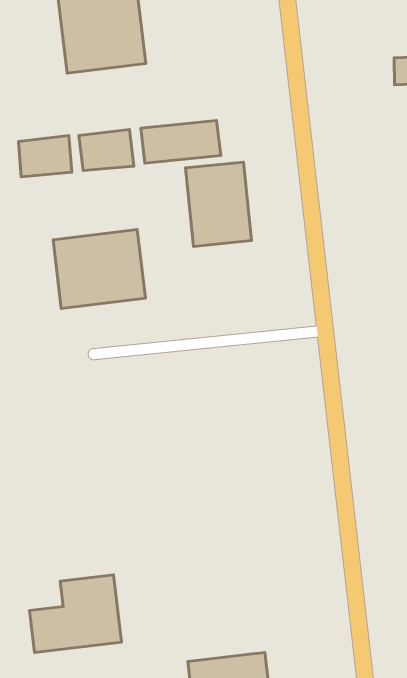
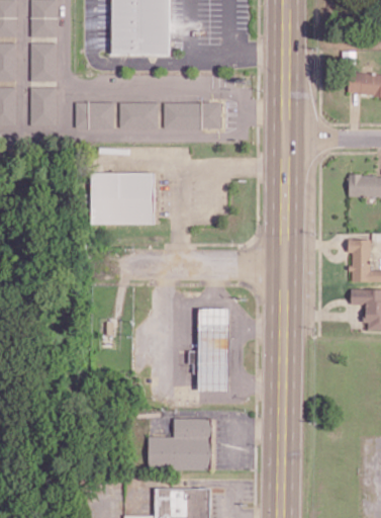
building: [186,162,251,246] -> none
building: none -> [200,309,230,392]
building: [30,575,122,653] -> [149,420,211,468]

